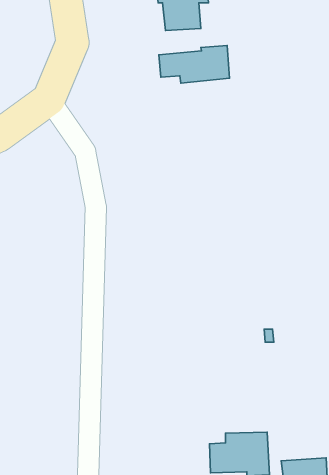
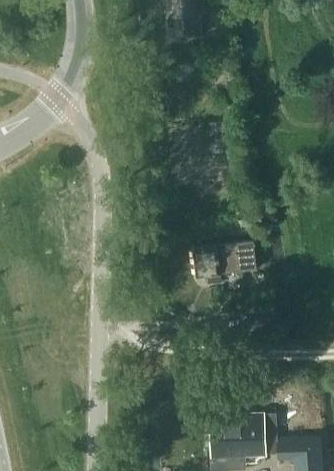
building: [159,45,229,83] -> none
building: none -> [195,242,258,284]

